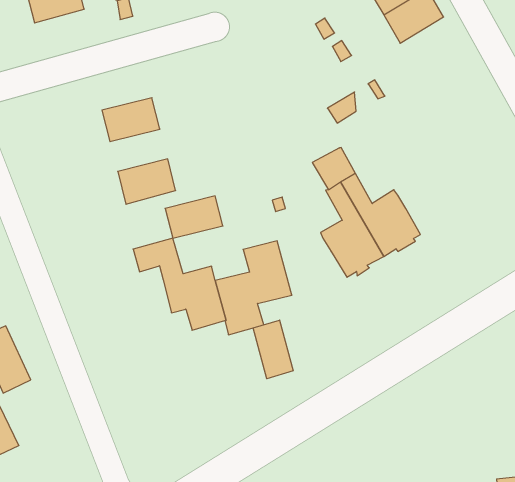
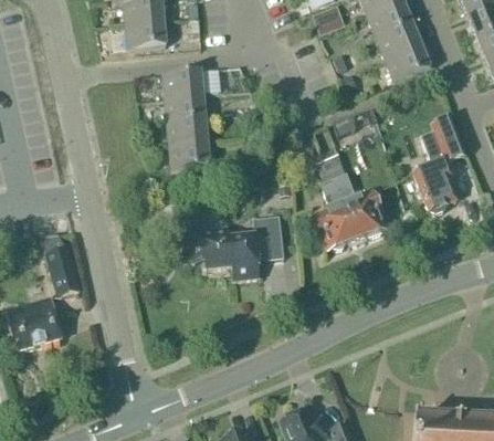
building: none -> [125,19,166,48]
building: none -> [162,69,203,96]
building: none -> [413,116,465,212]
building: [165,196,223,238] -> [167,117,208,144]
building: [253,320,293,379] -> none

